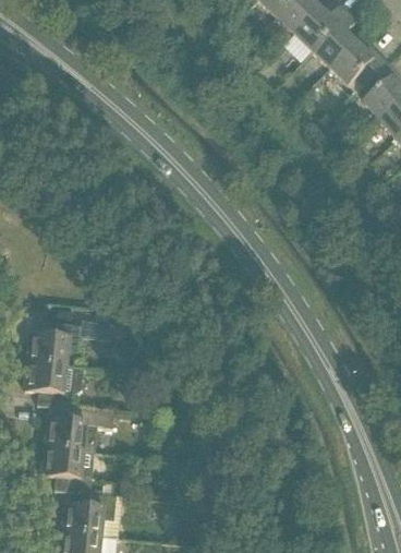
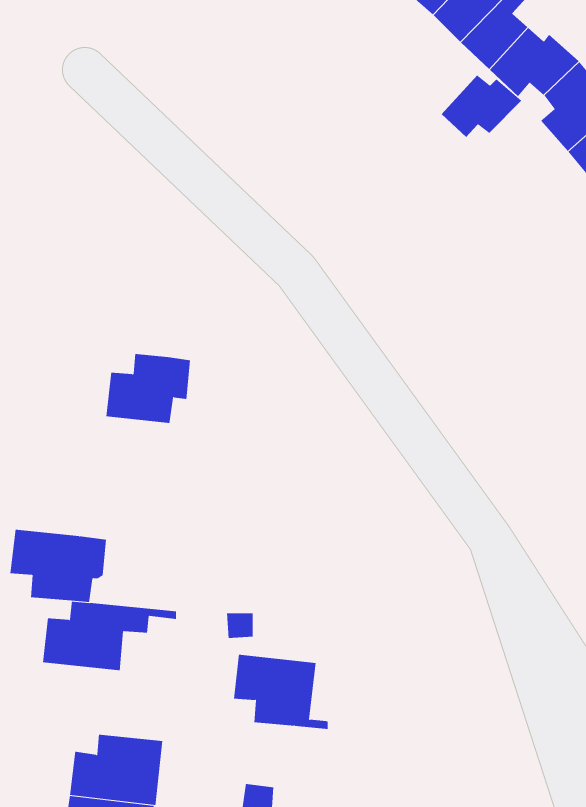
building: none -> [441,75,522,138]
building: [27,320,82,364] -> [105,353,191,423]
building: [41,445,102,493] -> [233,654,329,729]

